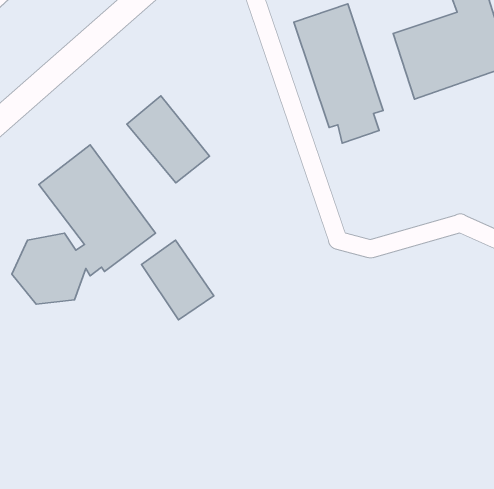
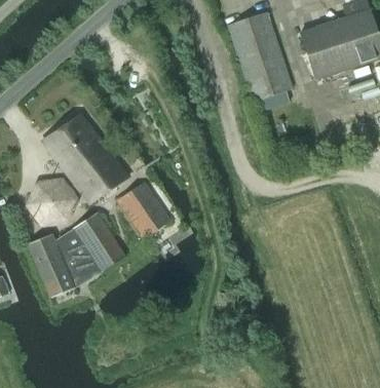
building: [127,96,210,183] -> none
building: none -> [27,211,121,296]

